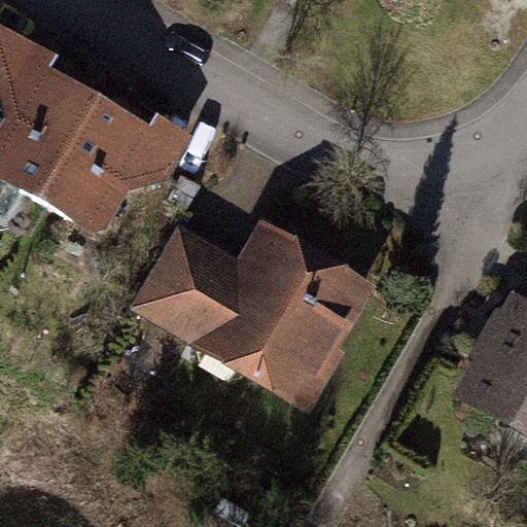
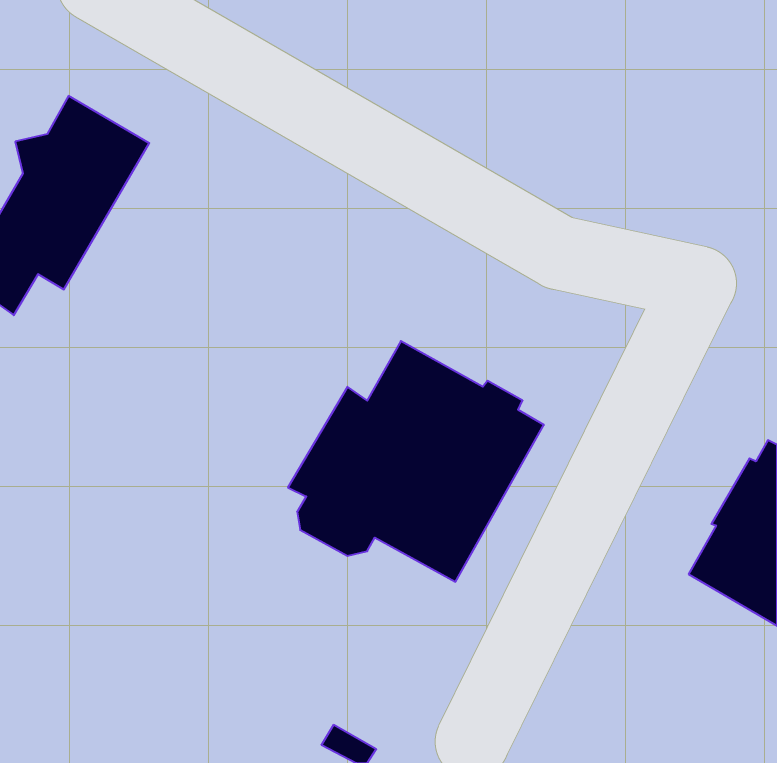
building: [43,97,155,215] -> none
building: [137,227,235,329] -> none

